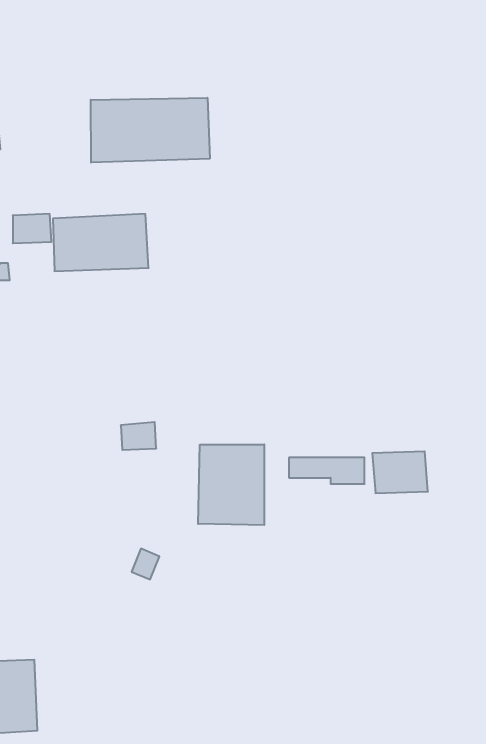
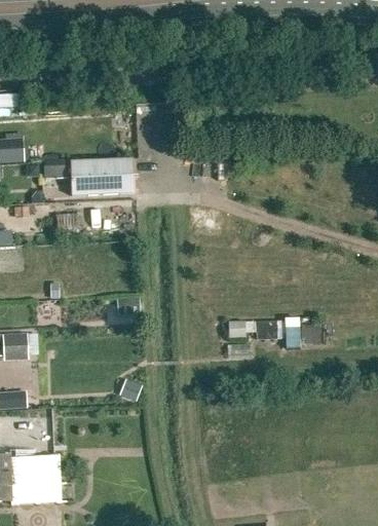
building: [91,98,210,163] -> none
building: [198,444,264,525] -> none

